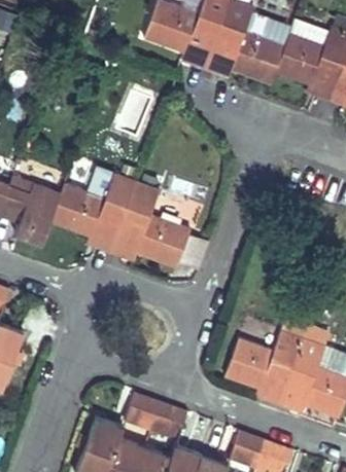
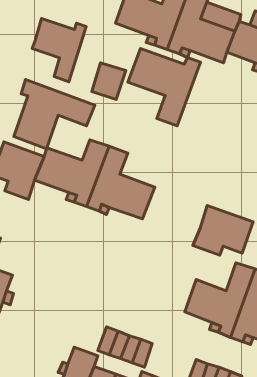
building: none -> [32,18,86,82]
building: none -> [128,48,200,126]
building: none -> [14,80,95,149]
building: none -> [193,206,253,255]

